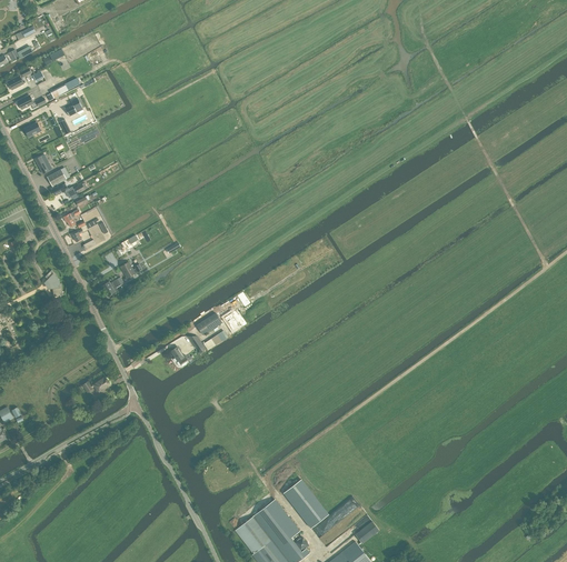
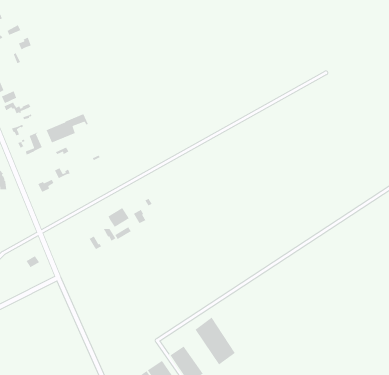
building: none -> [46,113,89,144]
building: none -> [194,317,236,365]

